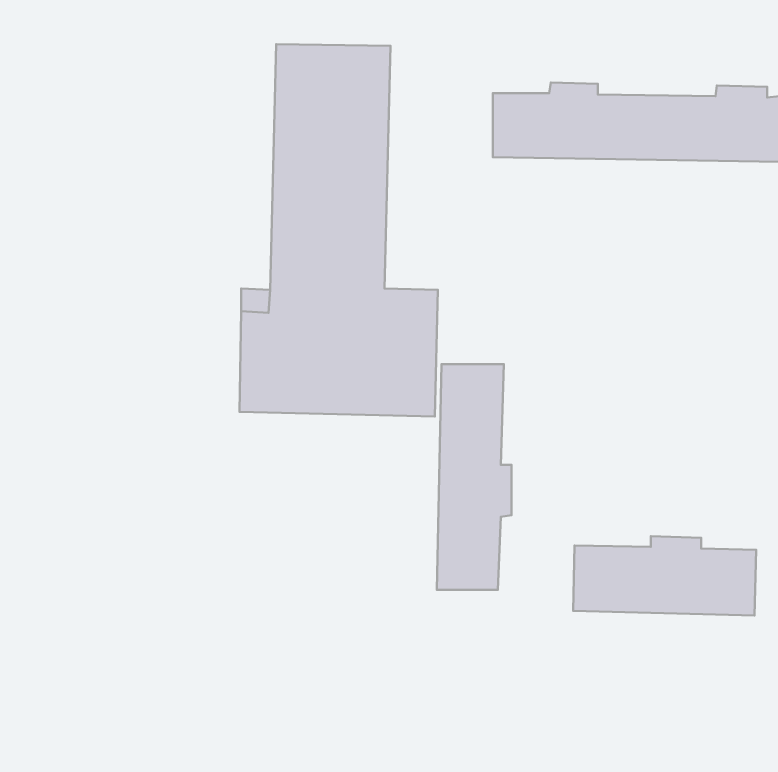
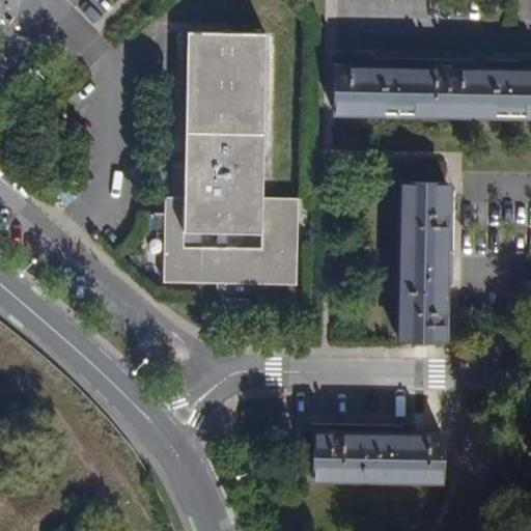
building: [437,364,512,590] -> [400,189,451,342]
building: [573,536,756,616] -> [316,430,441,484]

